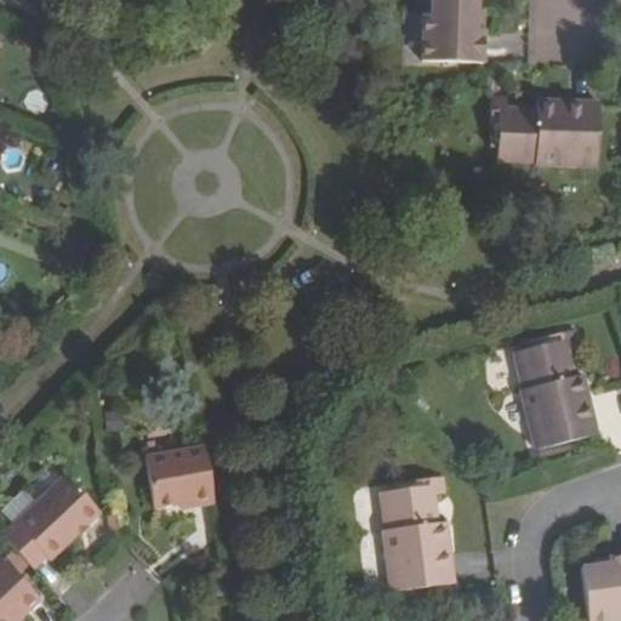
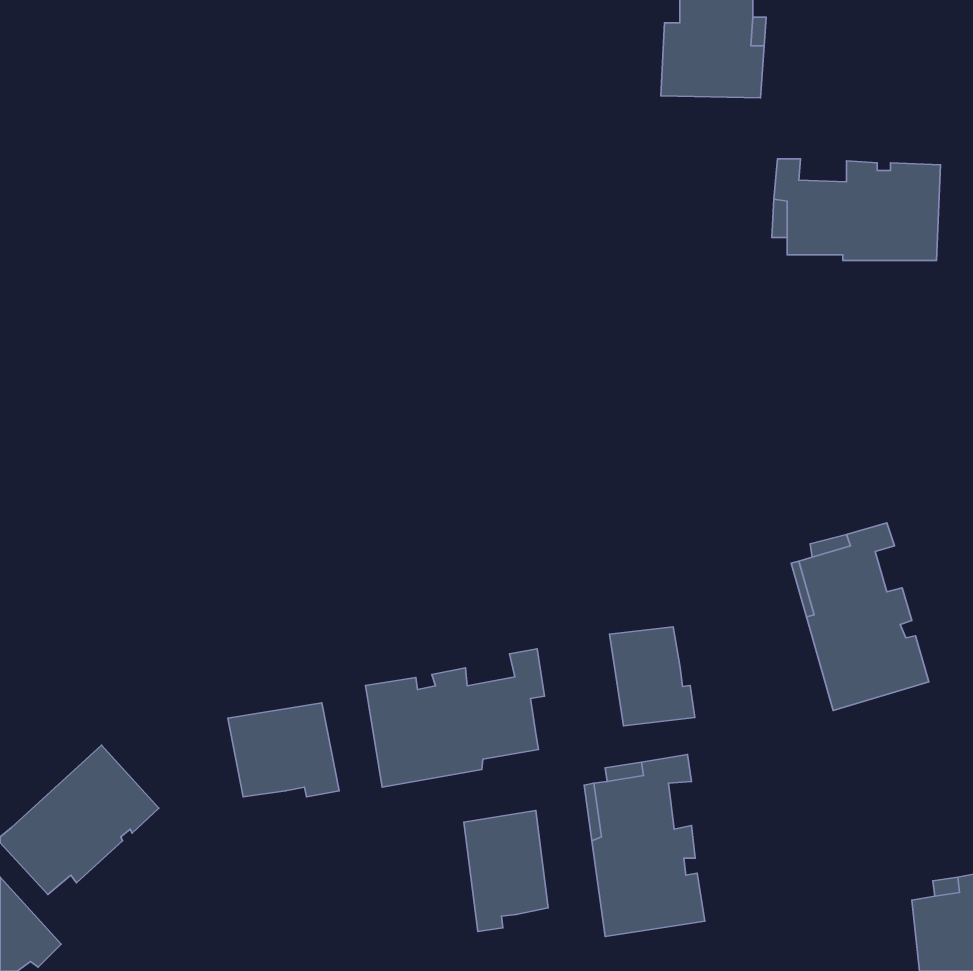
building: none -> [610,627,695,726]
building: none -> [366,649,544,787]
building: none -> [464,811,548,931]

